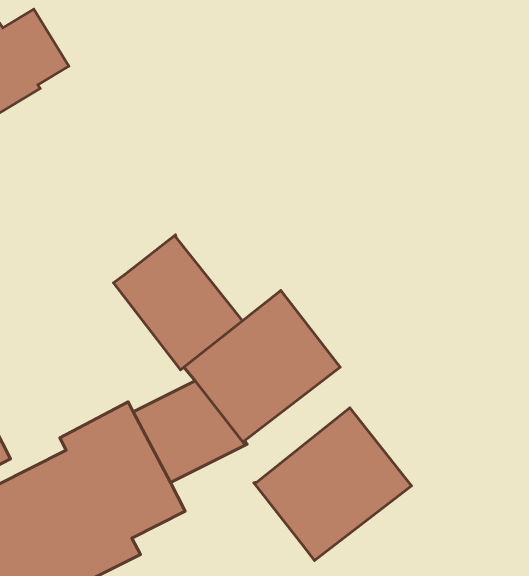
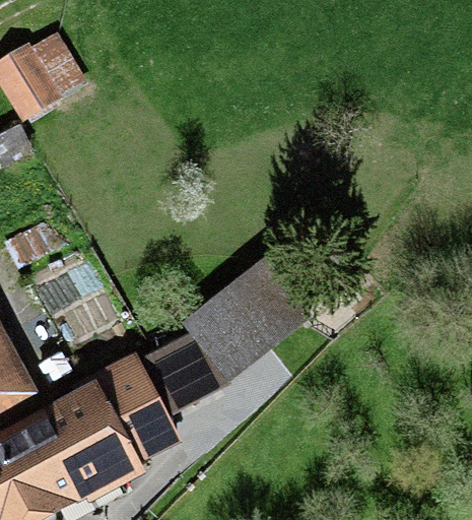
building: [113,235,243,370] -> none
building: [254,408,411,560] -> none

